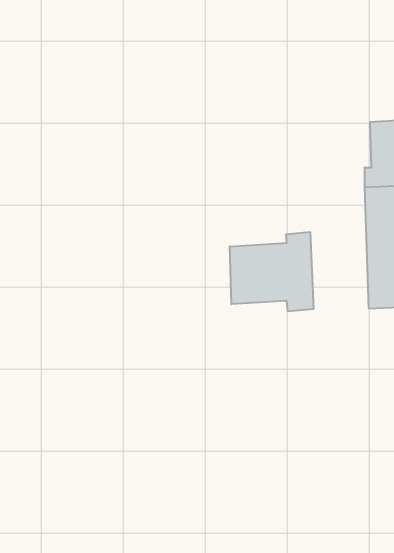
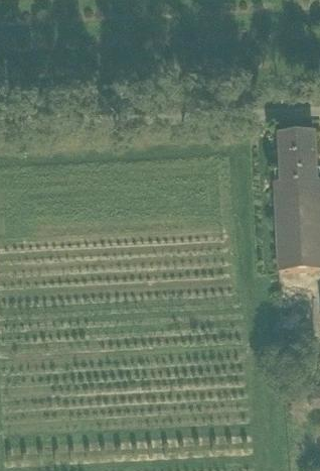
building: [230,232,314,311] -> none

